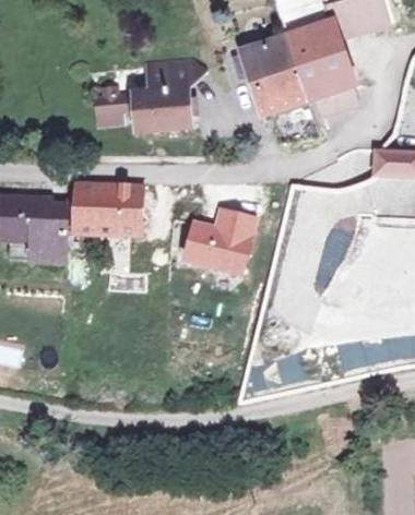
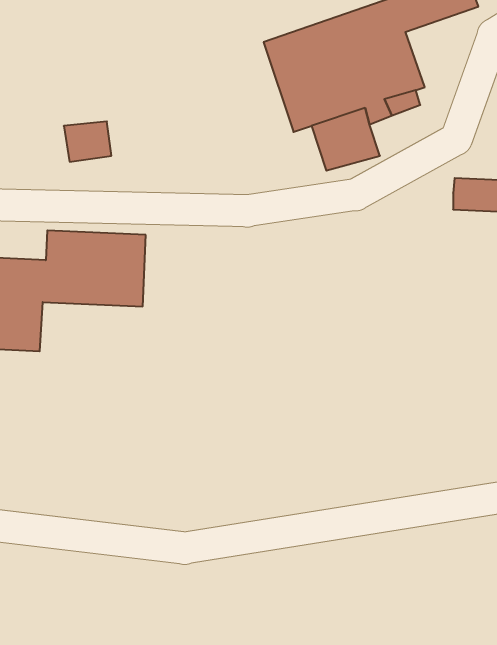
building: [137,57,204,143] -> none
building: [182,201,254,266] -> none

